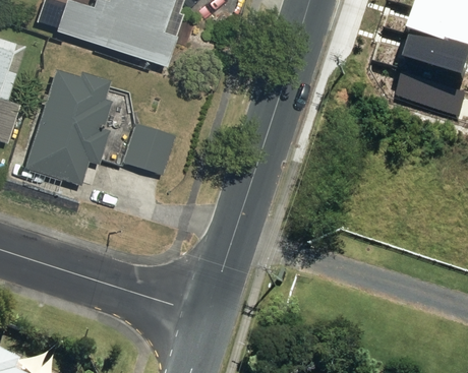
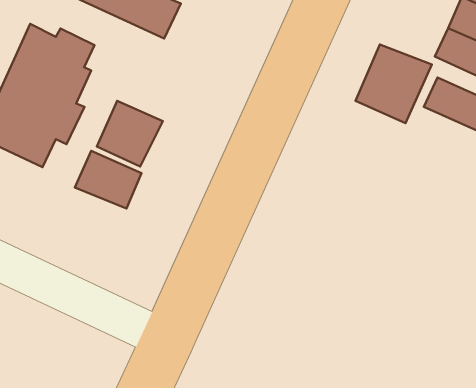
building: none -> [355,45,432,123]
building: none -> [75,151,141,208]

